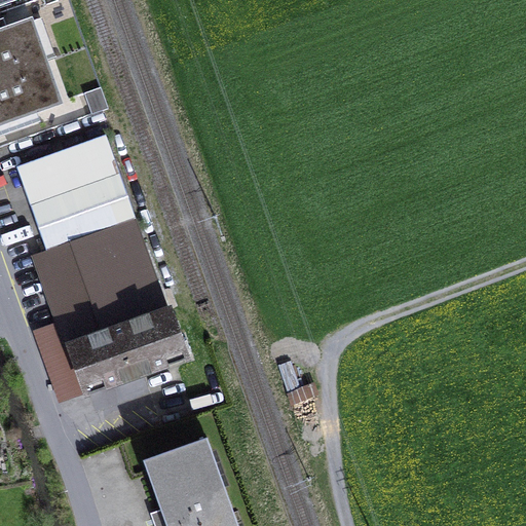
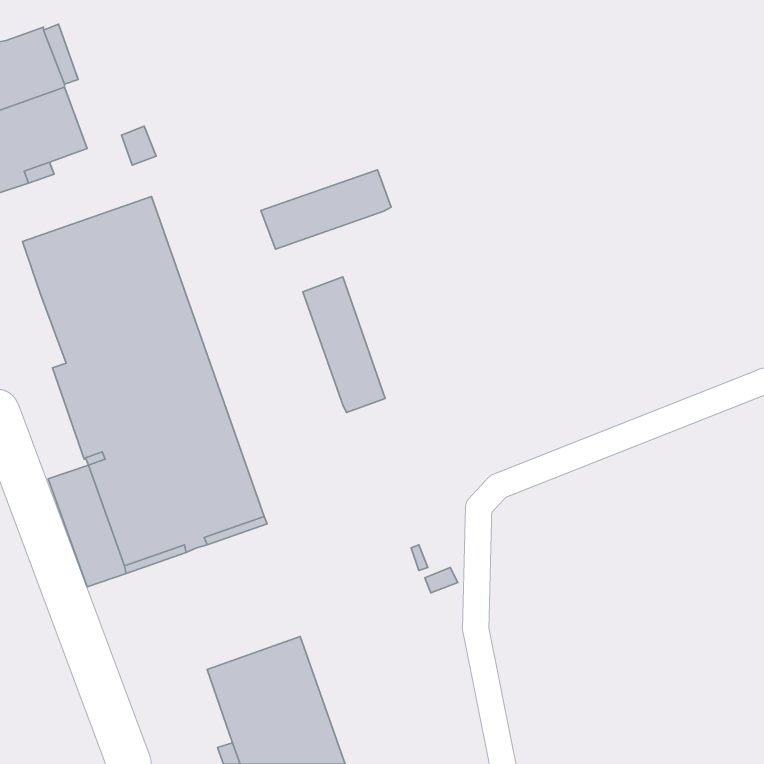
building: none -> [261,170,391,249]
building: none -> [303,277,385,413]

